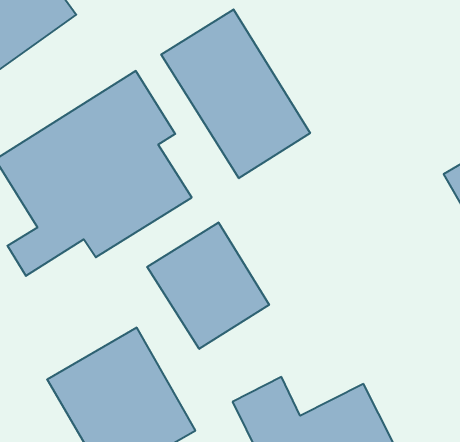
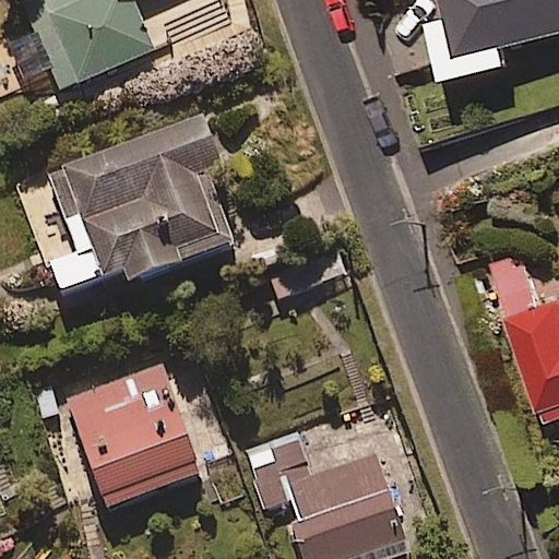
building: [161,9,310,178] -> none
building: [147,222,269,349] -> none

